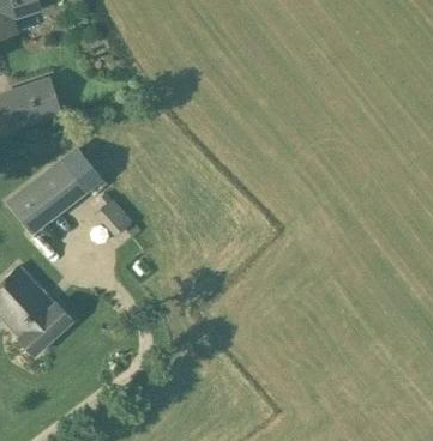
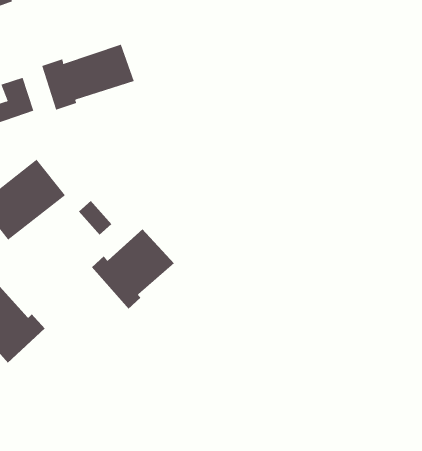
building: none -> [41,44,135,110]
building: none -> [91,228,175,309]

